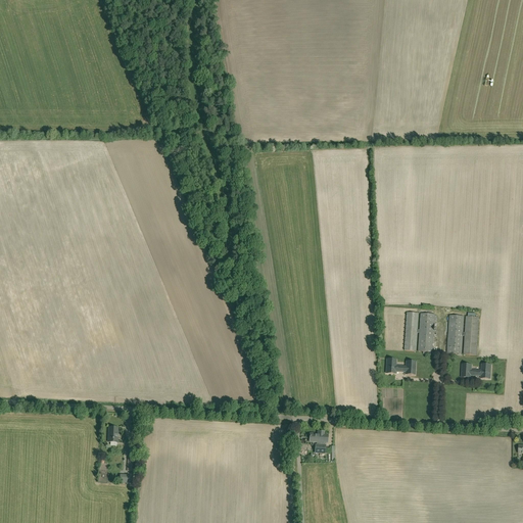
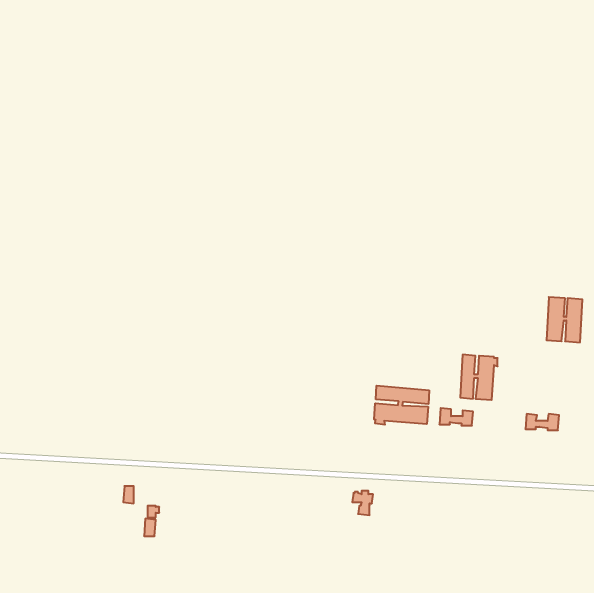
building: [447,315,479,354] -> [546,297,582,342]
building: none -> [374,386,429,425]

